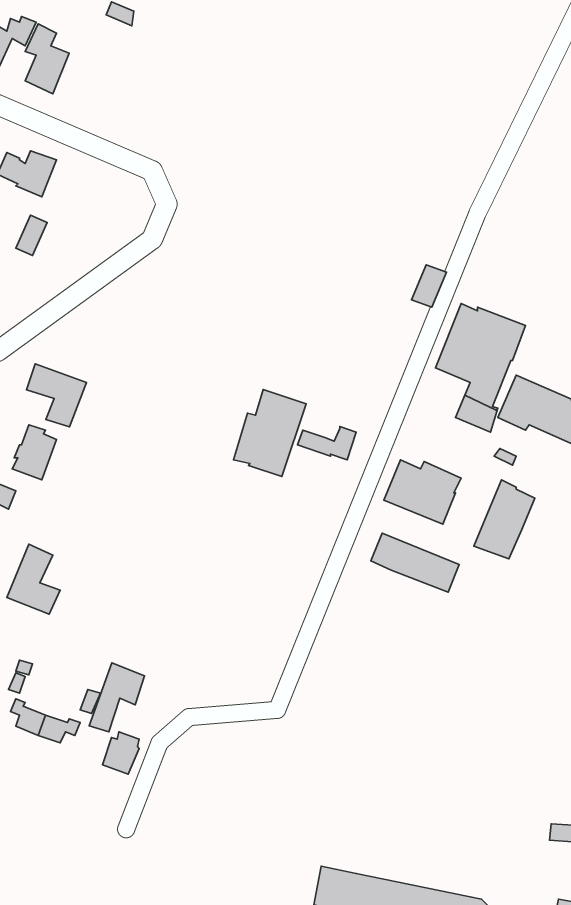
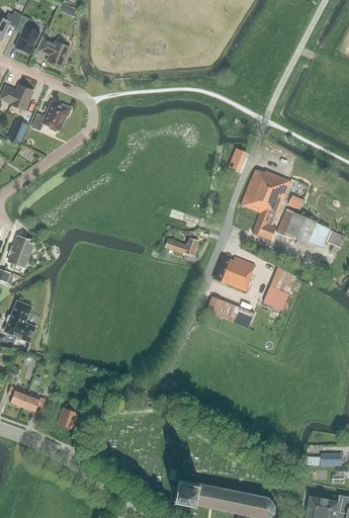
building: none -> [38,38,69,67]
building: none -> [31,101,71,131]
building: [27,364,87,427] -> none
building: [233,389,306,476] -> none
building: [89,663,145,732] -> none

